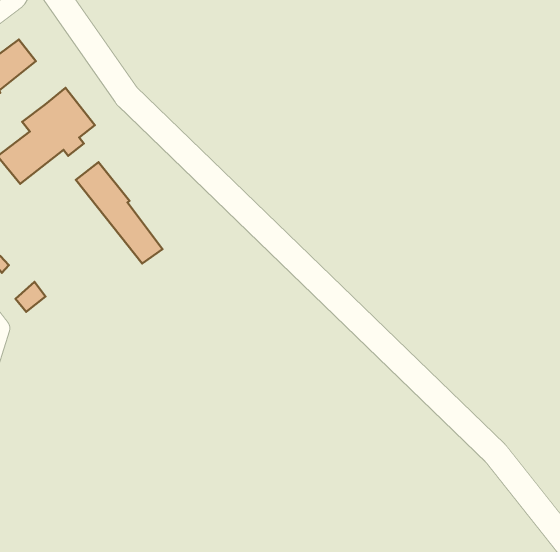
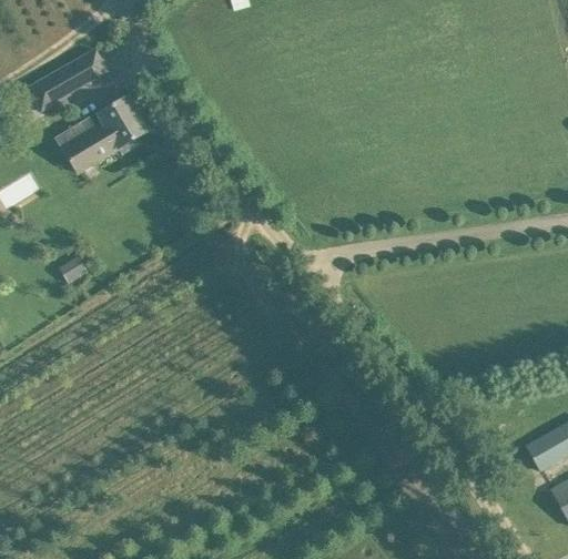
building: [76,162,162,264] -> none

